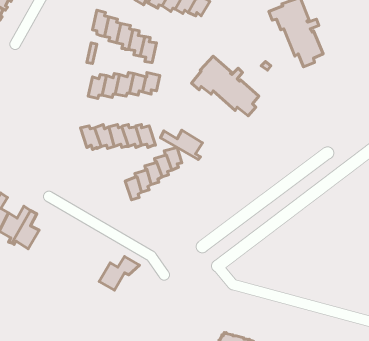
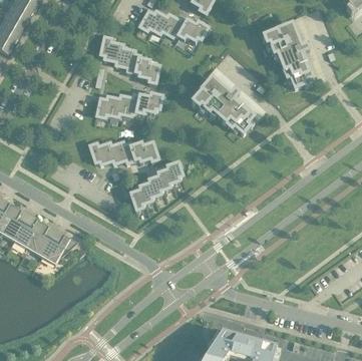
building: [161,130,202,159] -> none
building: [99,256,140,290] -> [41,233,78,264]

